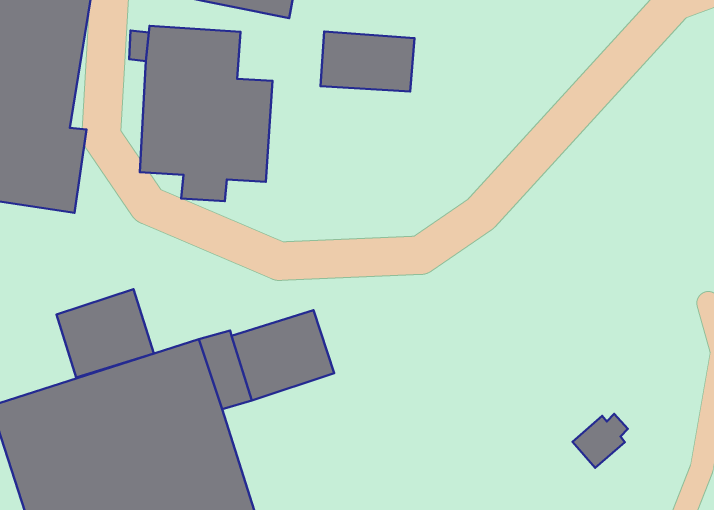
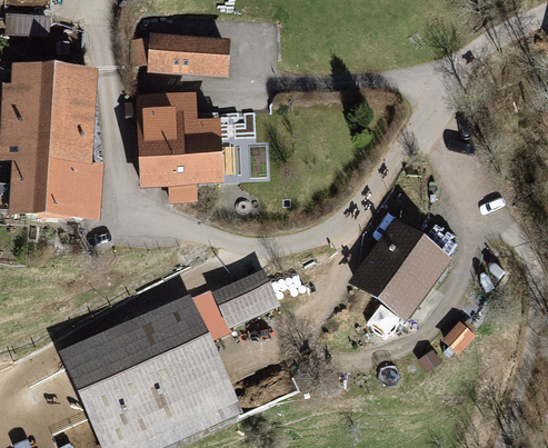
building: [321,31,414,92] -> none
building: none -> [349,217,454,323]
building: [57,289,154,377] -> none

